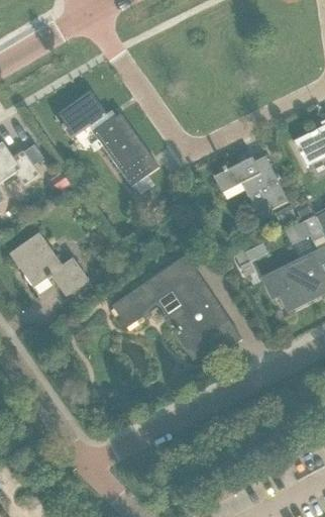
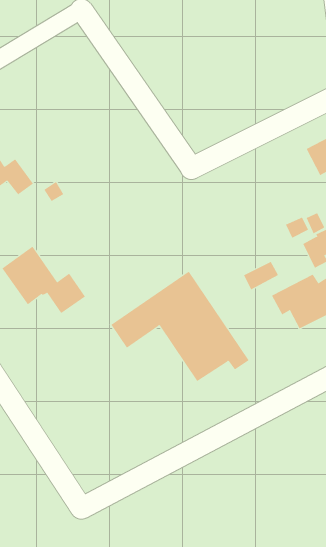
building: [56,90,159,186] -> none
building: [214,156,289,215] -> none

